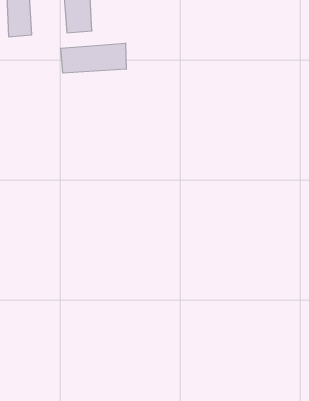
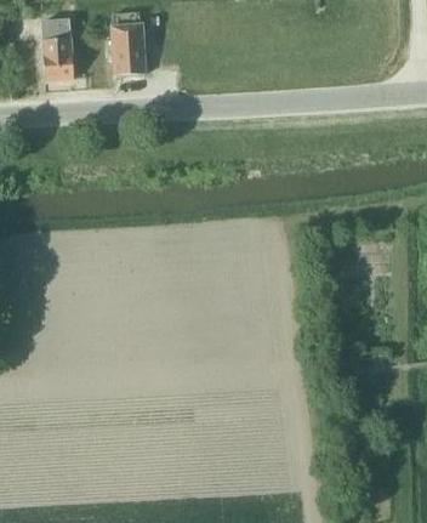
building: [61,43,126,73] -> none

